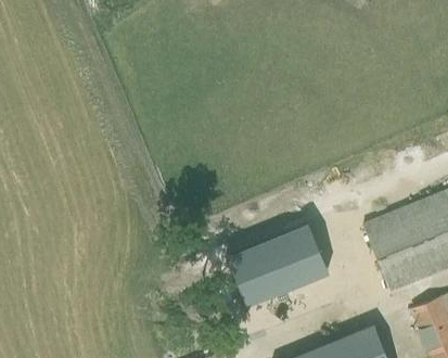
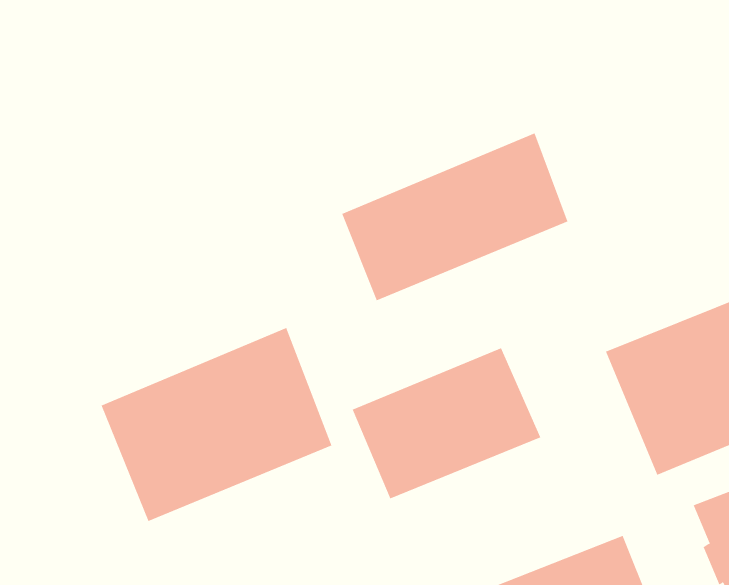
building: none -> [341,133,568,301]
building: none -> [101,327,332,522]

